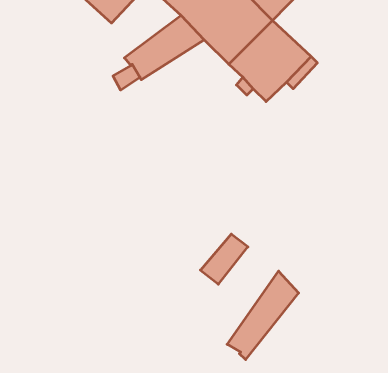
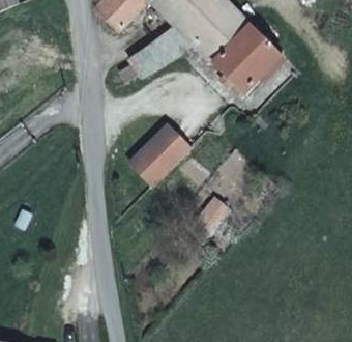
building: none -> [130,124,189,184]
building: [227,271,299,360] -> none

